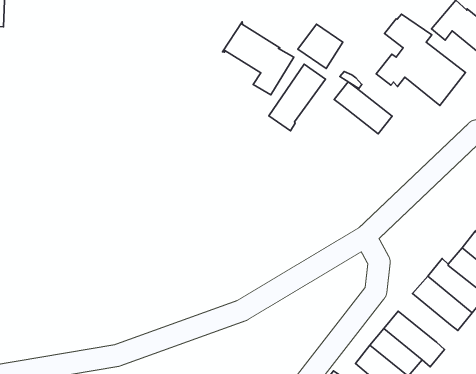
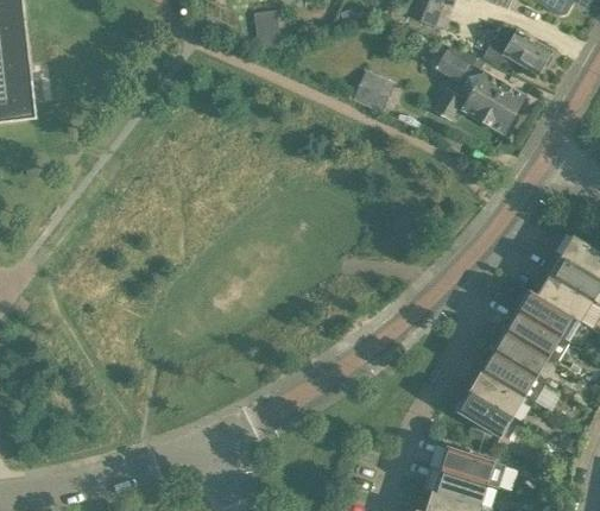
building: [223,22,294,95] -> none
building: [269,64,326,131] -> none
building: [334,82,392,134] -> none
building: none -> [492,332,548,378]

